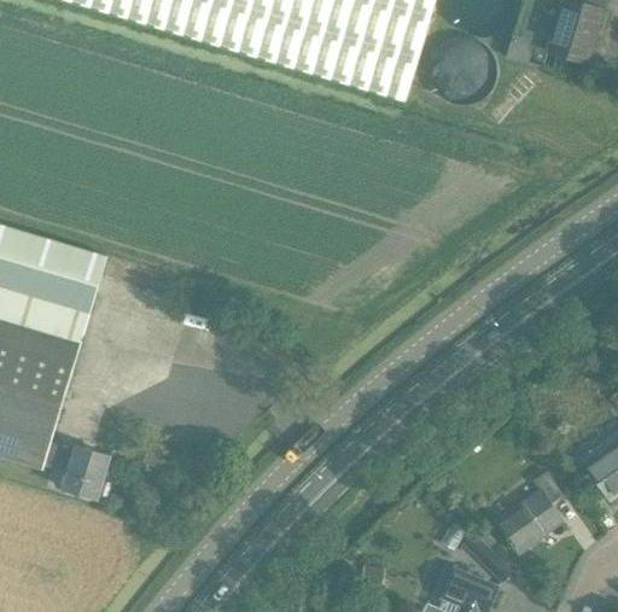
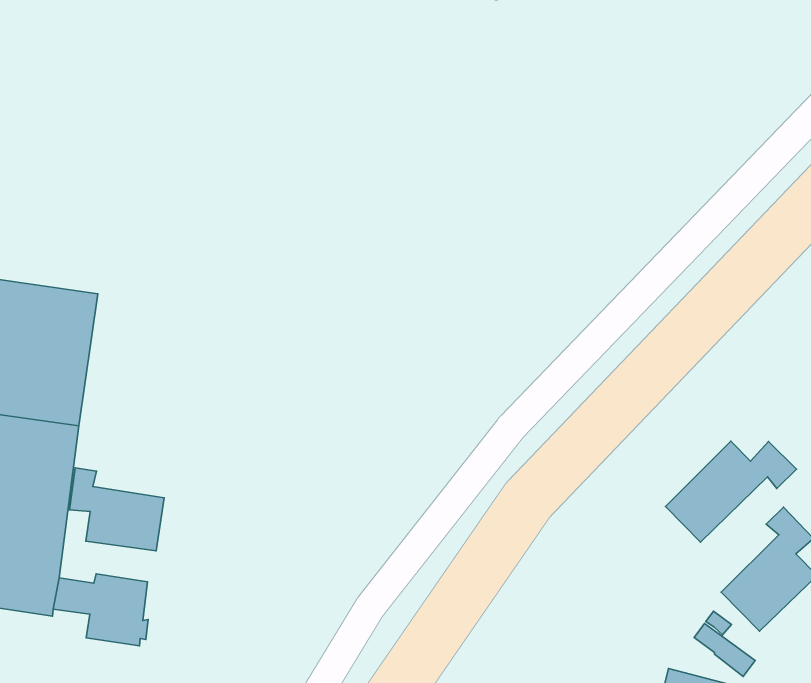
building: none -> [70,468,164,551]
building: none -> [666,441,797,542]

